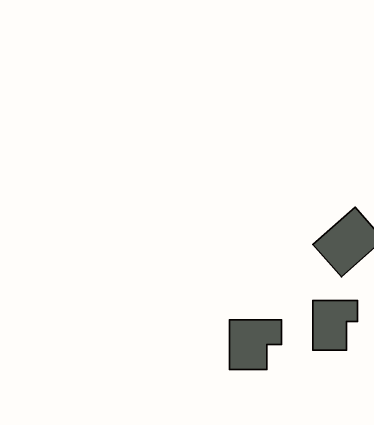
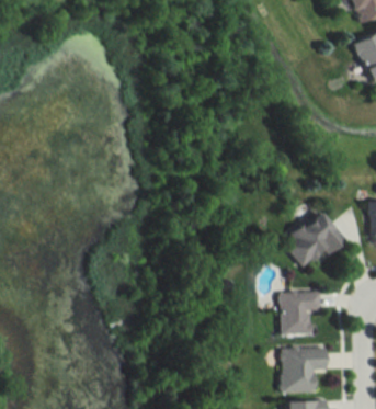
building: [229,320,282,369] -> [282,349,328,393]

